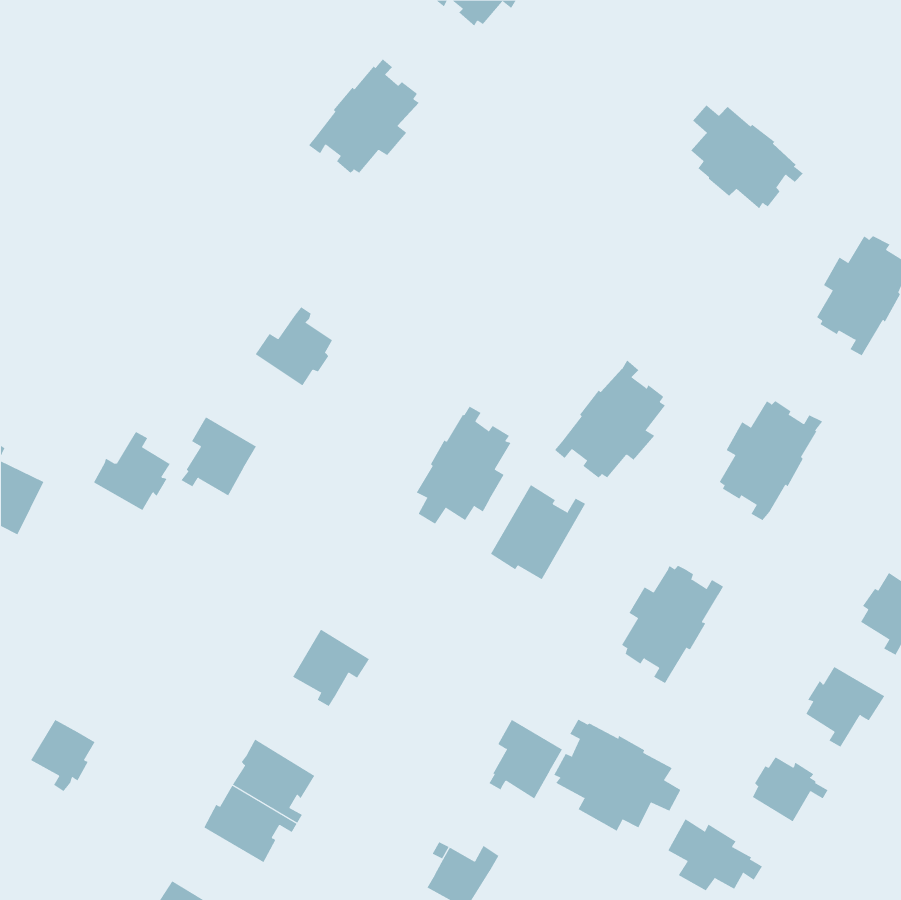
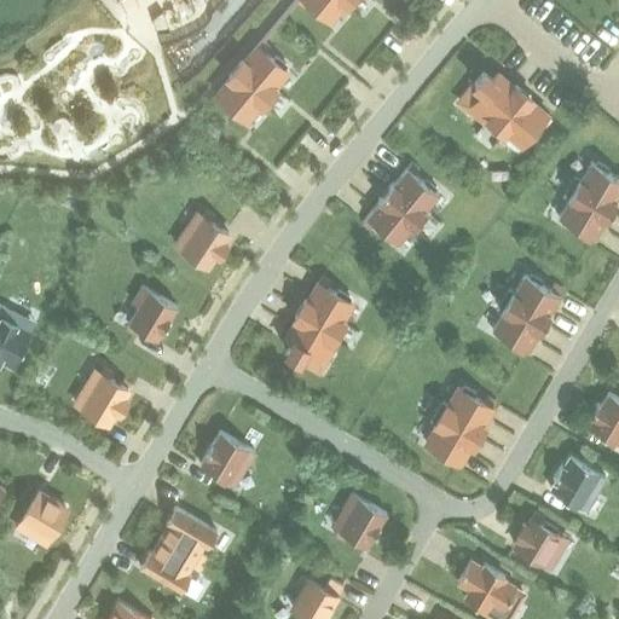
building: [554,360,666,478] -> [363,164,439,245]
building: [93,431,171,511] -> [76,370,129,424]
building: [490,484,586,580] -> none
building: [554,719,681,831] -> none

